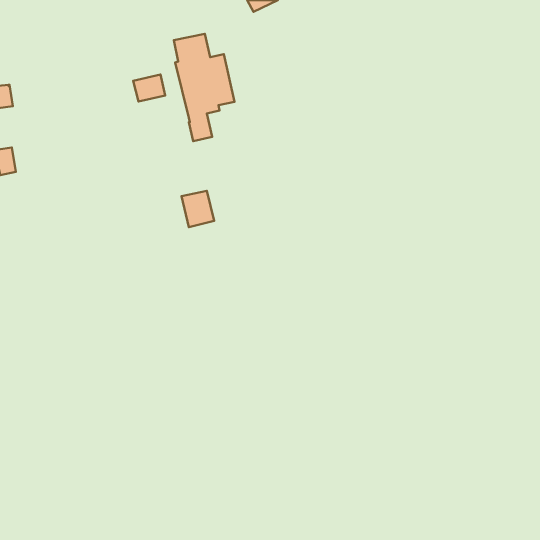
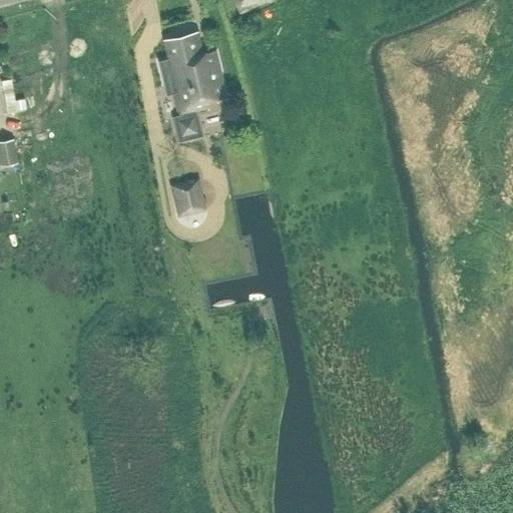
building: [133,74,165,101] -> none

